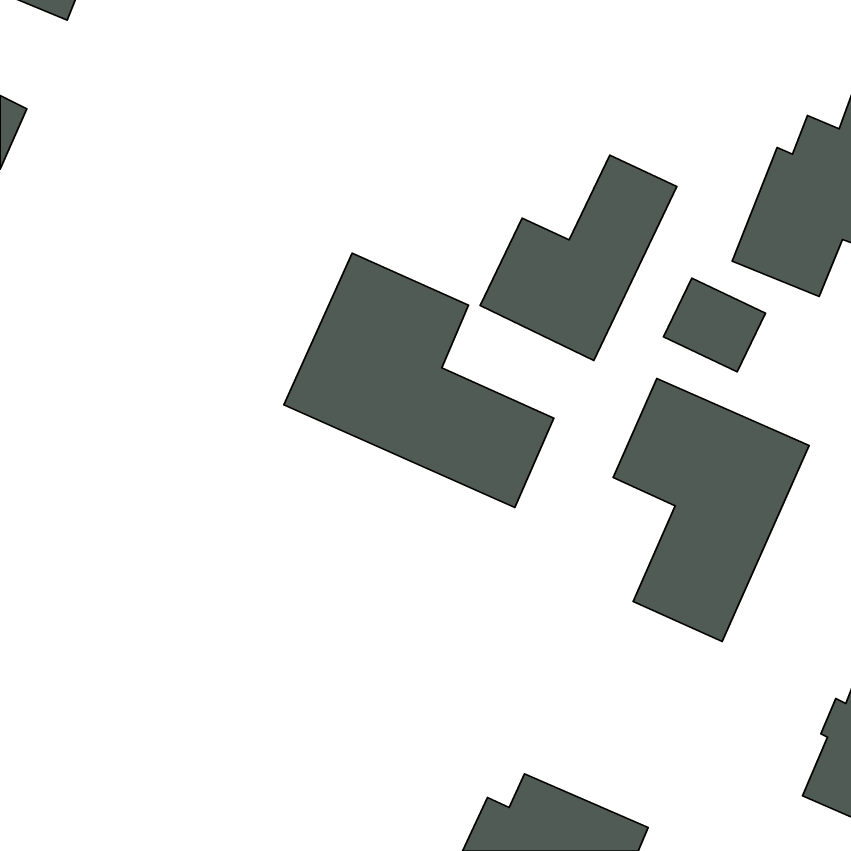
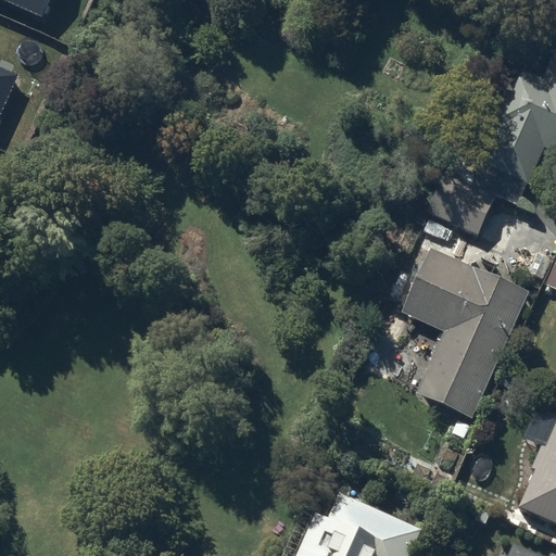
building: [480,155,677,361] -> none
building: [284,253,554,508] -> none

